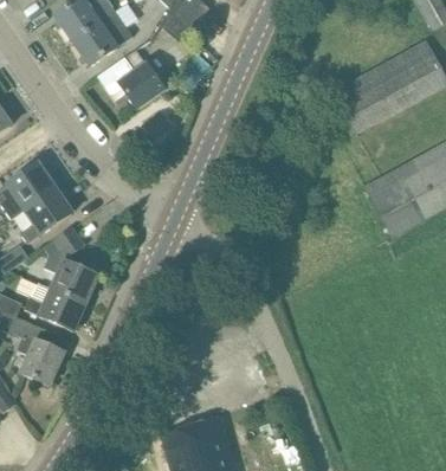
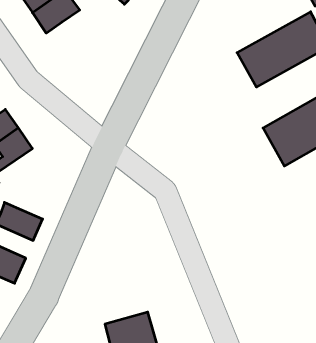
building: [98,47,164,108] -> none
building: [44,227,98,302] -> none

